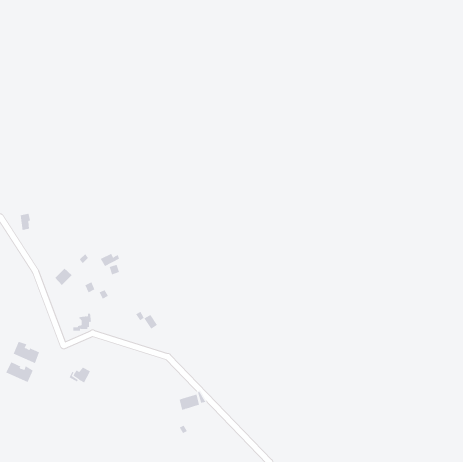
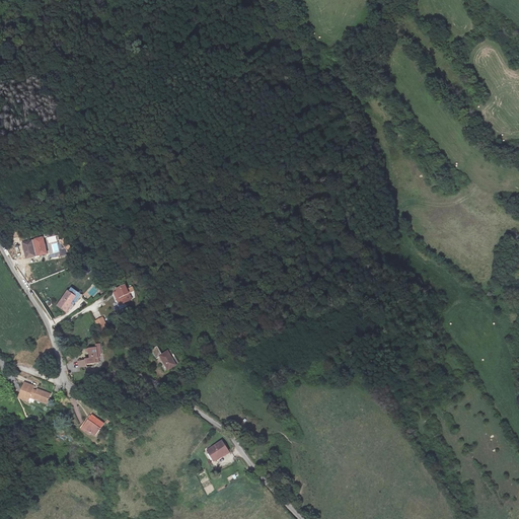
building: [5,362,34,383] -> none

